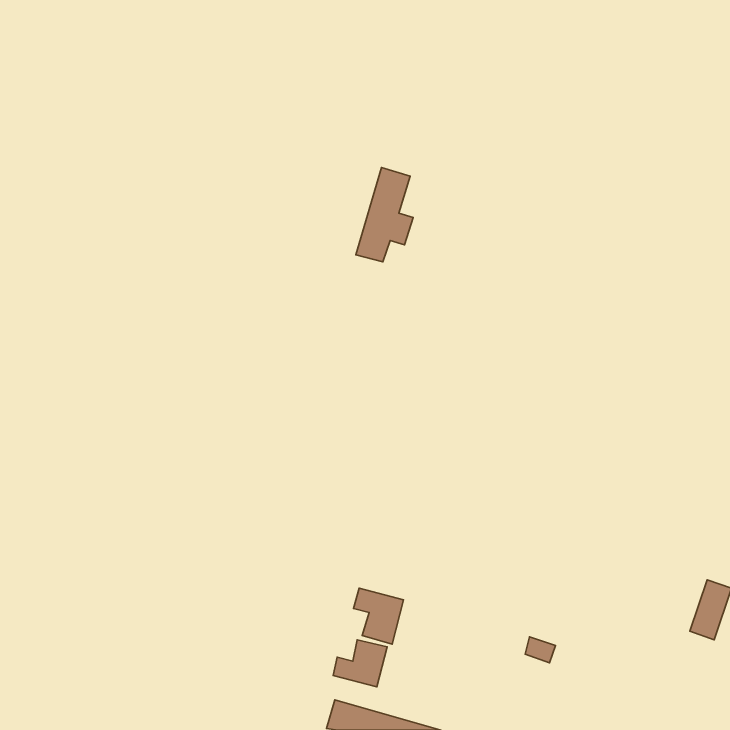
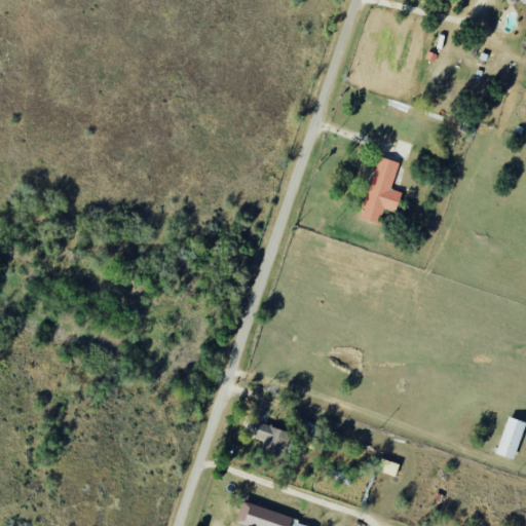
building: [356,167,413,262] -> [361,156,402,224]
building: [333,640,387,687] -> none

